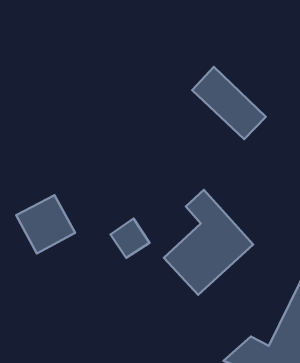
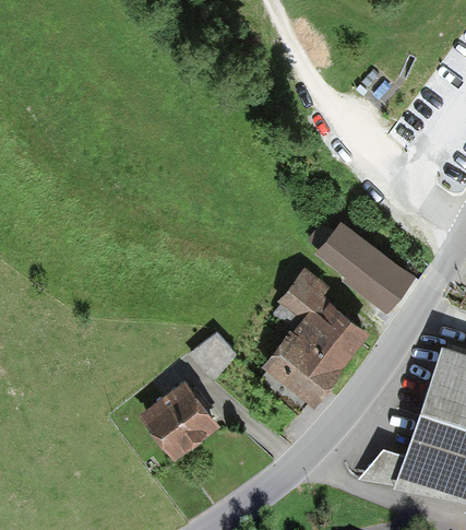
building: [192,67,266,139] -> [314,225,409,307]
building: [16,195,75,253] -> [142,387,217,461]

